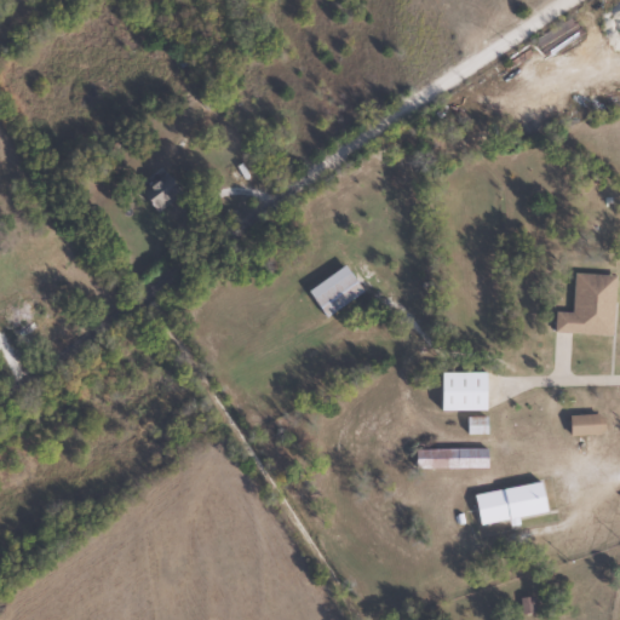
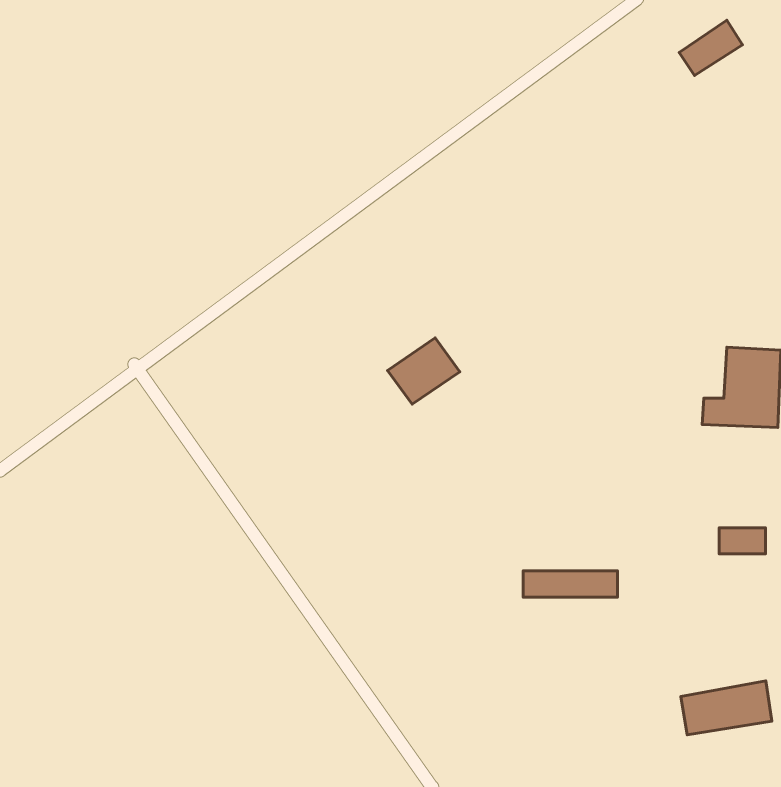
building: [144,173,184,212] -> none
building: [441,372,487,411] -> none
building: [476,482,547,524] -> [681,681,772,735]

